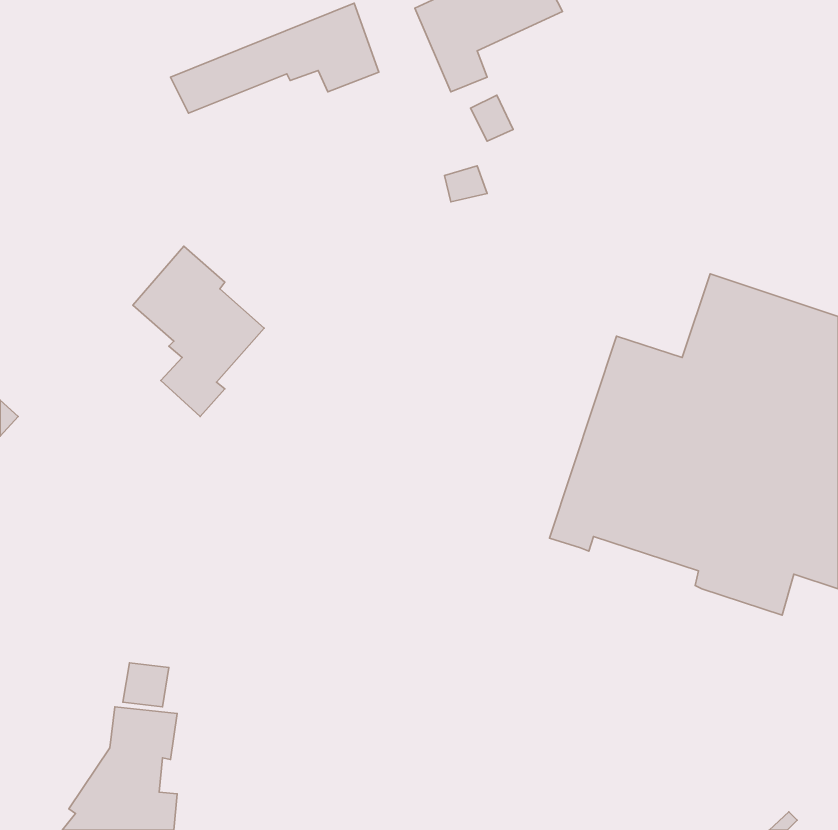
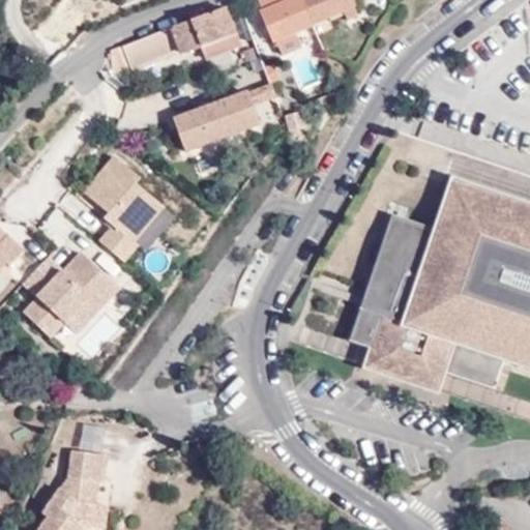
building: none -> [170,93,262,168]
building: none -> [24,254,121,337]
building: none -> [360,338,443,393]

